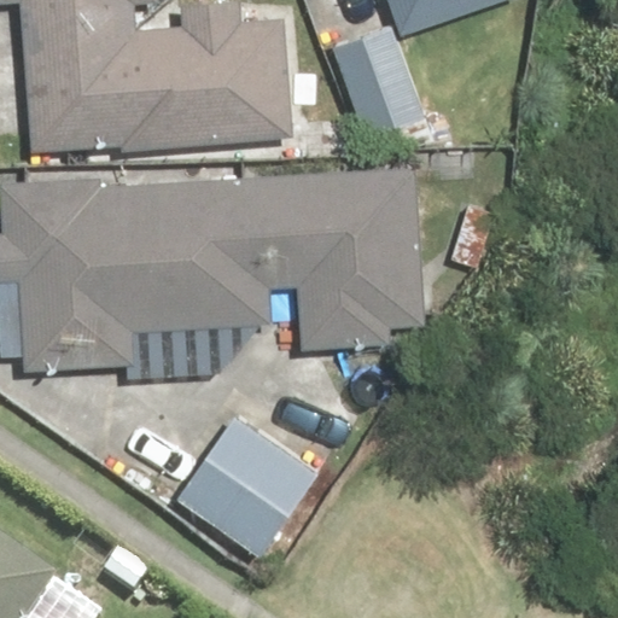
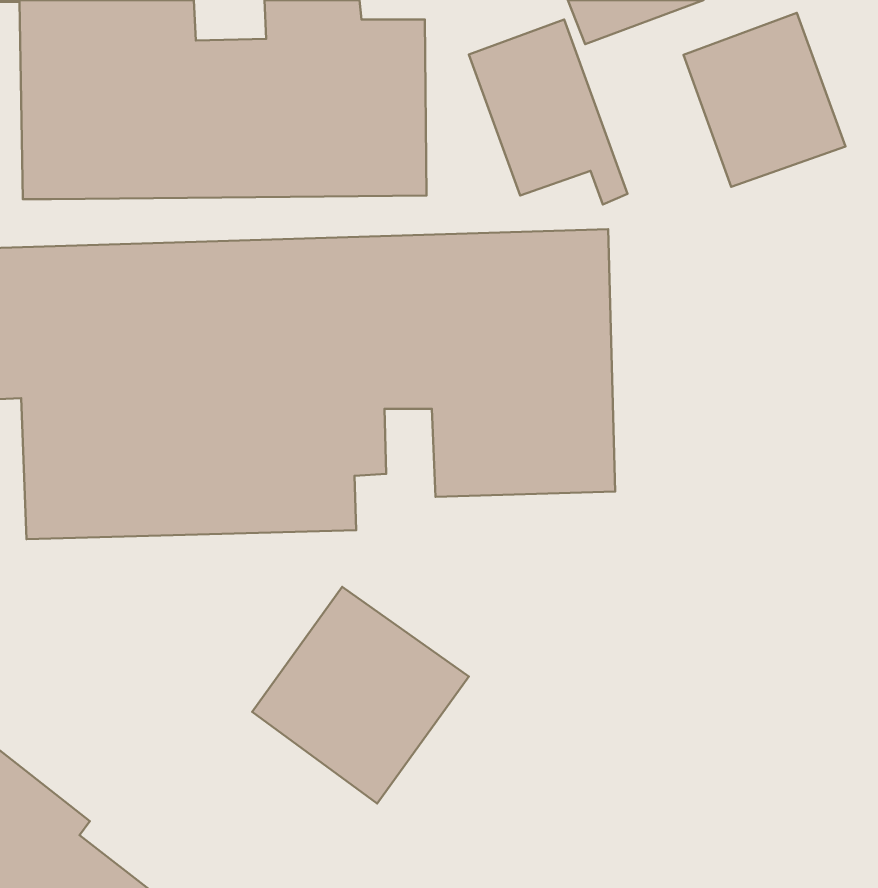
building: none -> [683,13,845,187]

